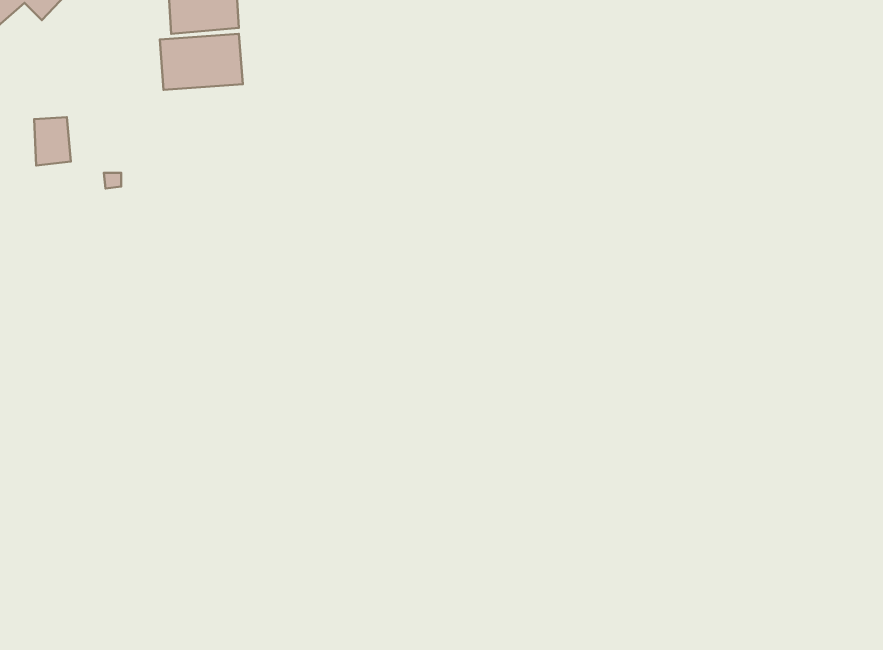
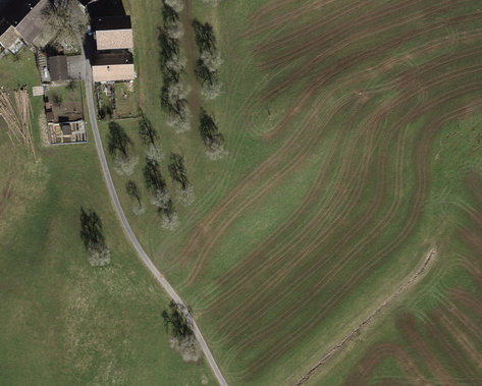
building: [34,117,71,165] -> [49,55,68,80]

